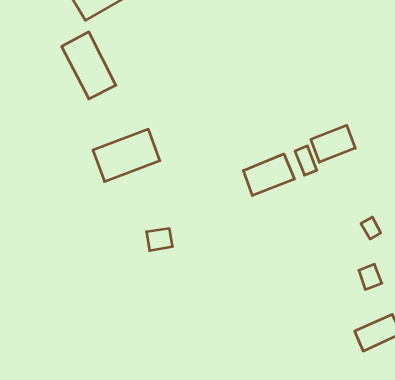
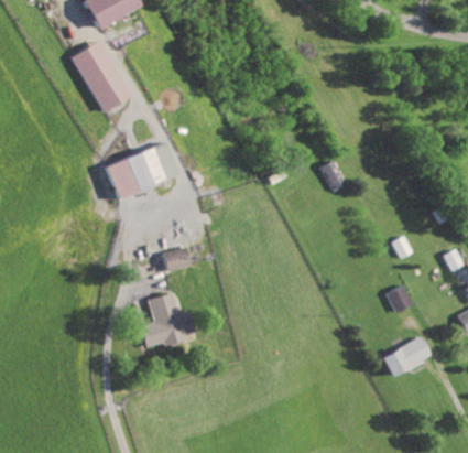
building: [311,125,355,162] -> none
building: [243,154,294,196] -> none
building: none -> [142,293,198,349]

